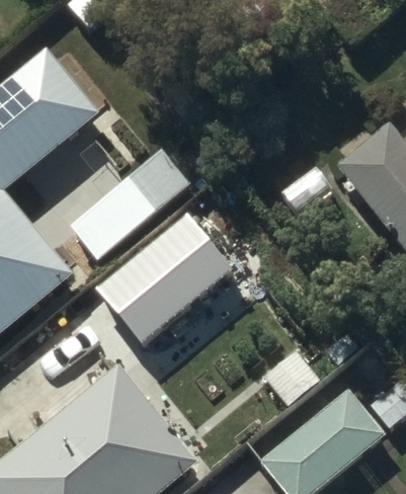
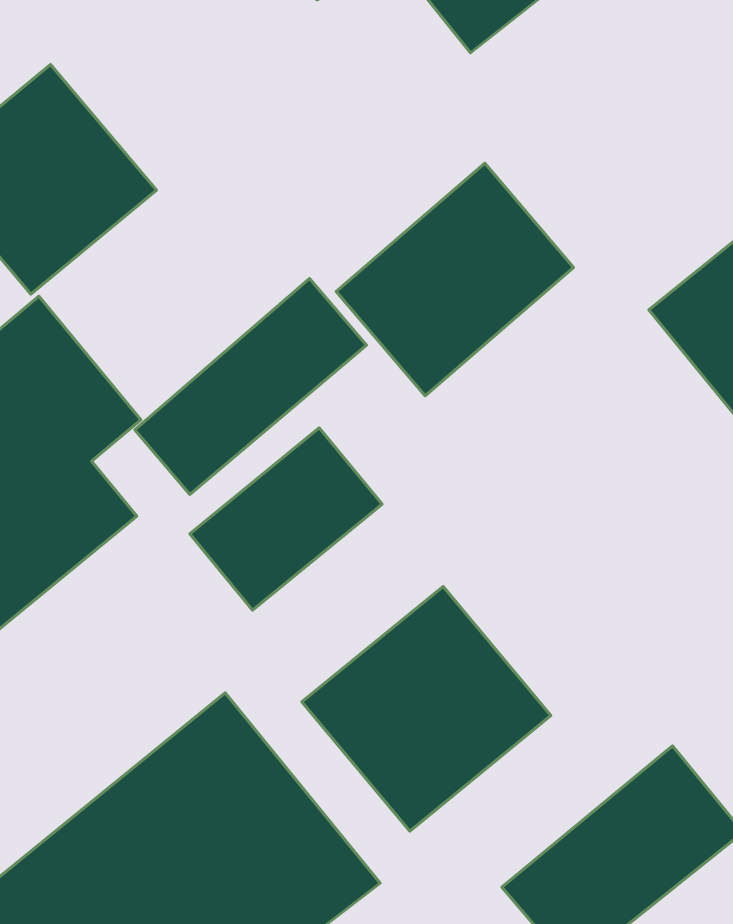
building: none -> [336,163,574,396]
building: none -> [302,586,551,831]

